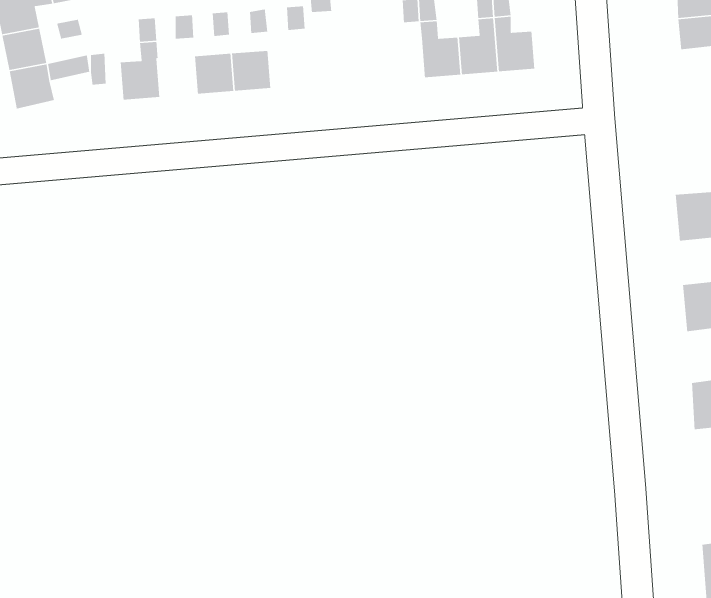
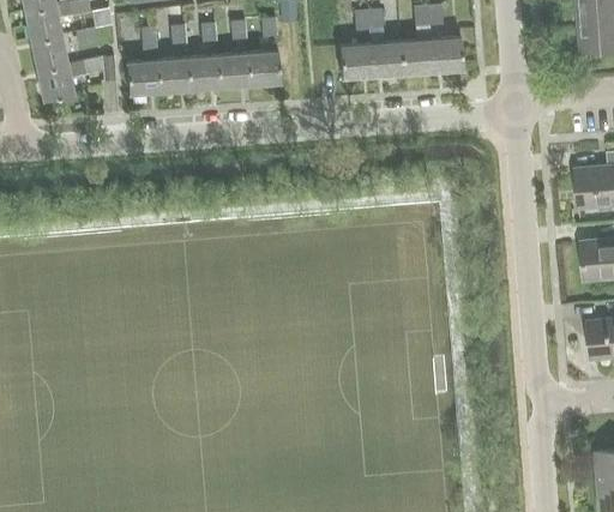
building: none -> [339,43,373,78]
building: none -> [247,50,281,84]
building: none -> [157,58,189,91]

